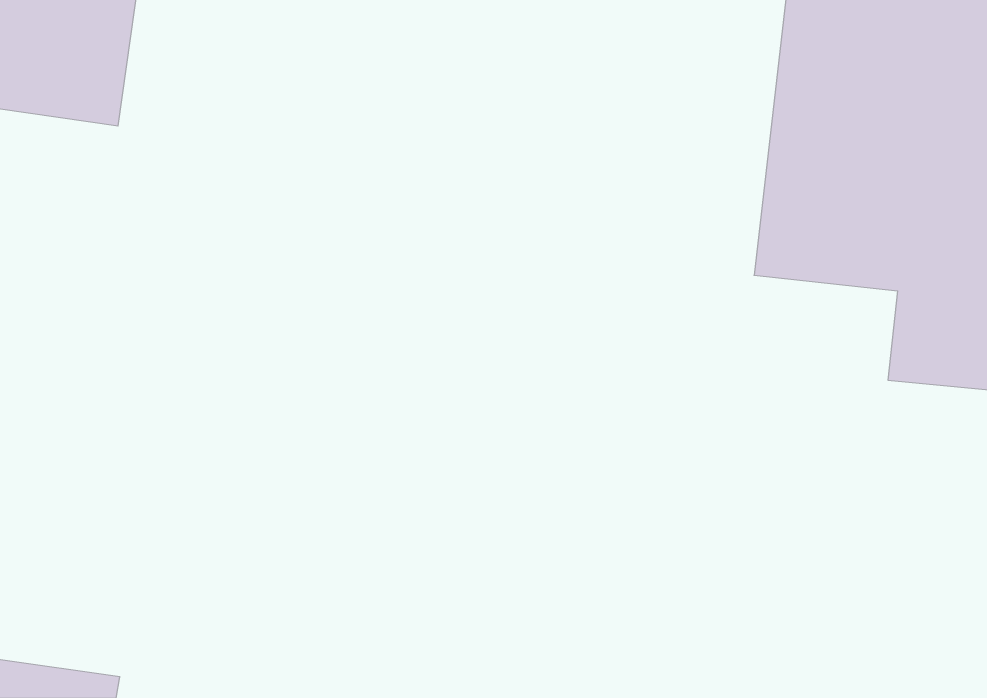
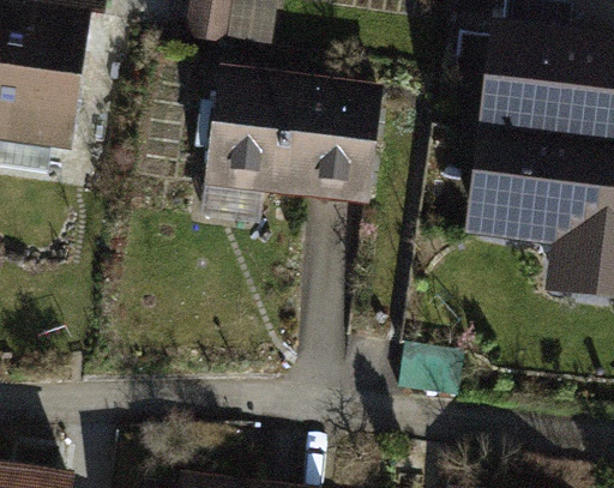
building: none -> [197,72,379,211]

